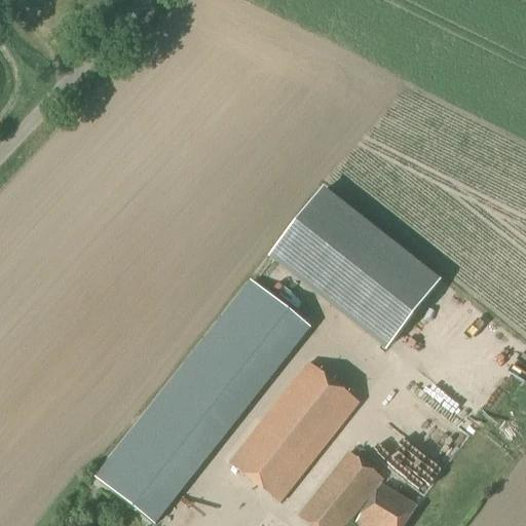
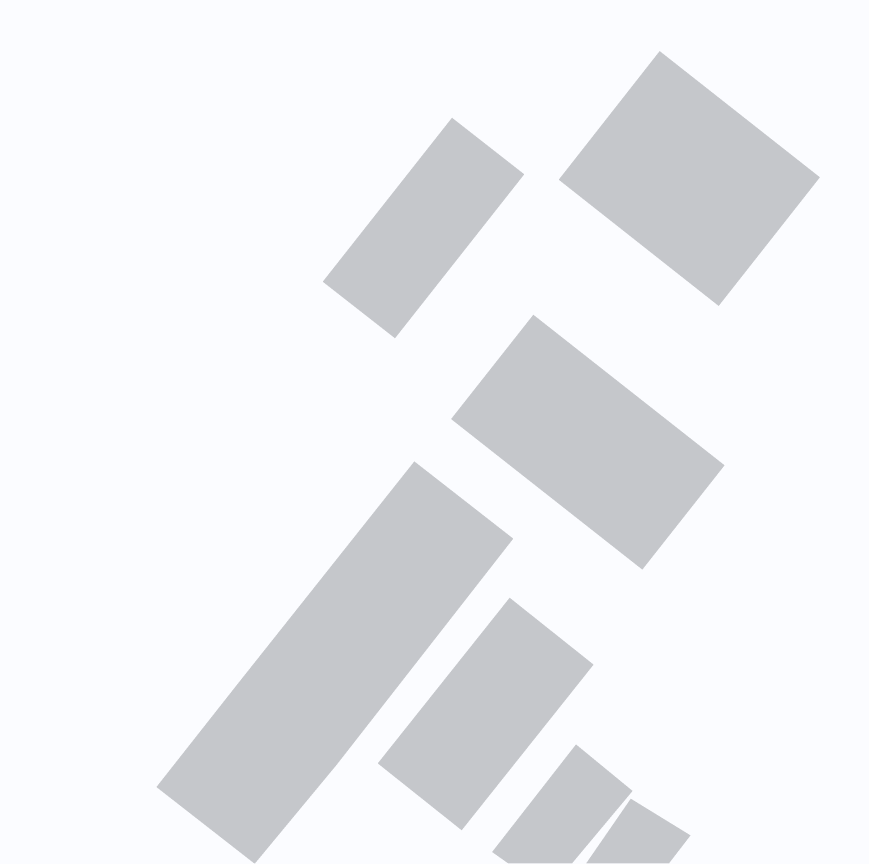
building: none -> [557,50,821,307]
building: none -> [321,116,525,340]

